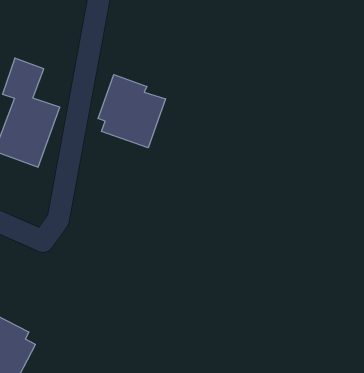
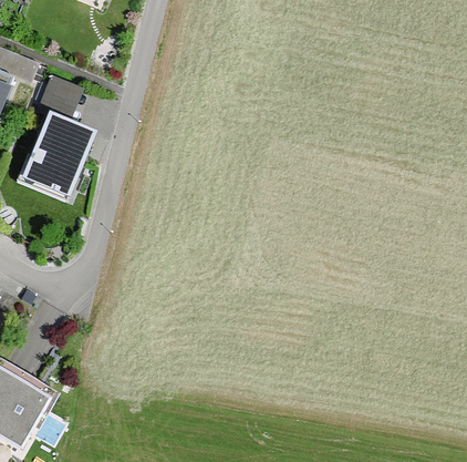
building: [98,75,166,148] -> none

